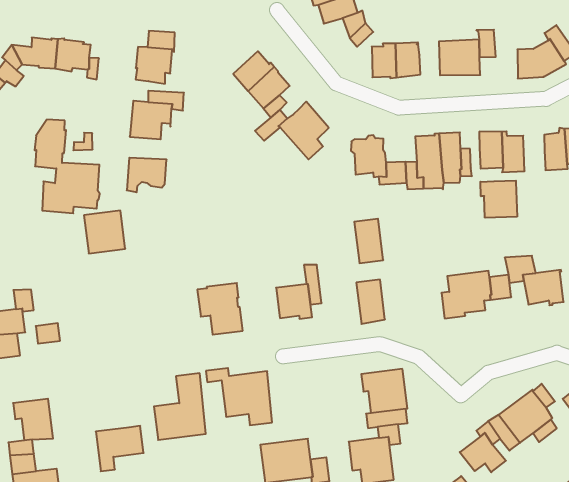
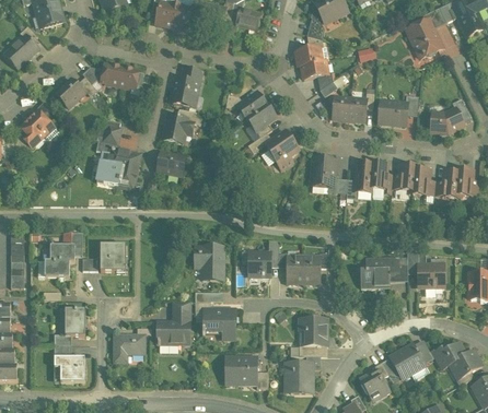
building: [480,181,517,218] -> none
building: [84,211,125,253] -> [100,244,125,270]
building: [354,219,383,263] -> [287,256,303,284]

